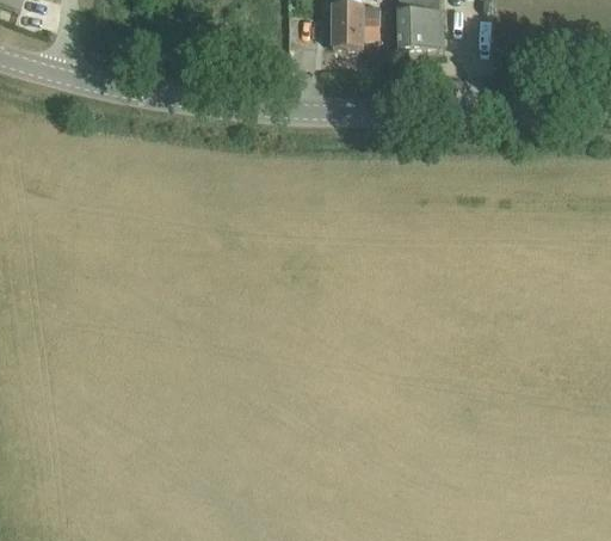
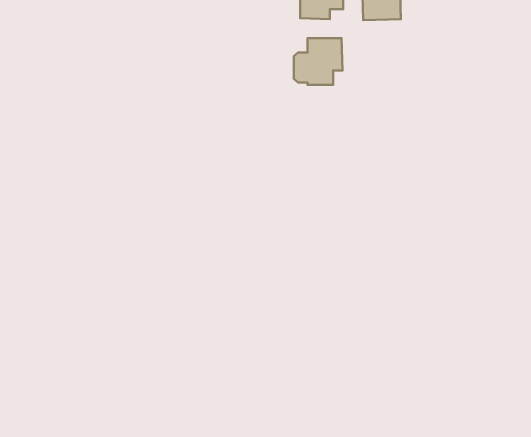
building: none -> [294,38,342,85]

